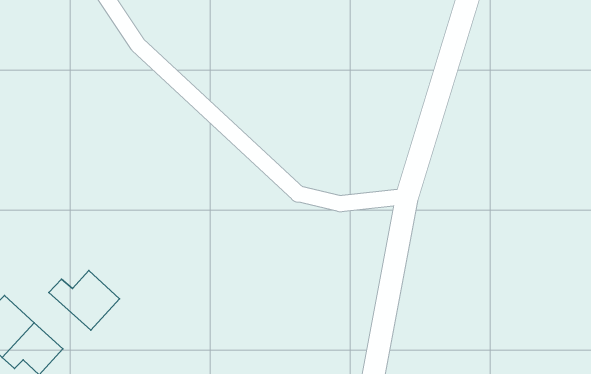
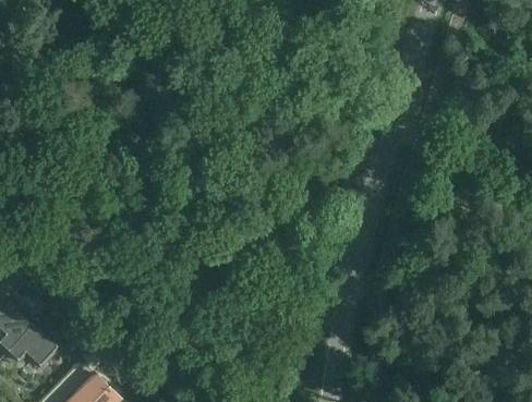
building: [49,270,119,330] -> none

